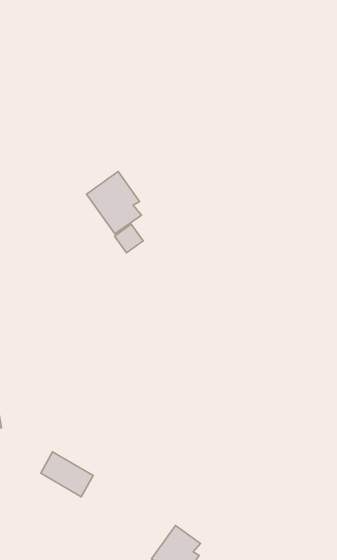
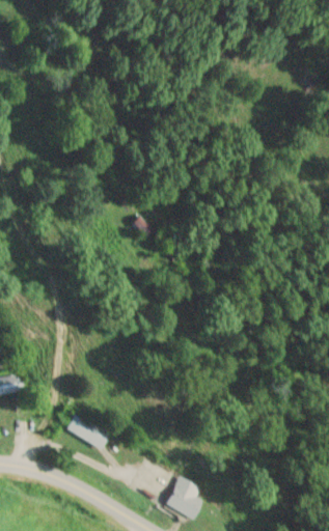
building: [87,172,141,234] -> none

